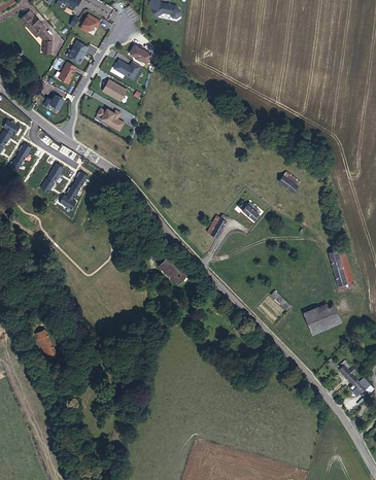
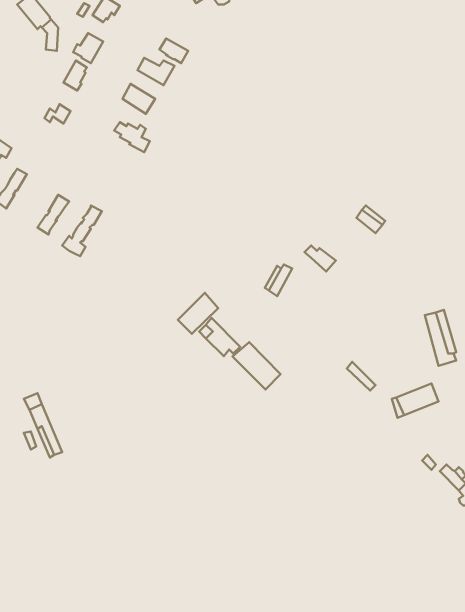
building: none -> [178,293,218,334]
building: none -> [233,342,281,389]

